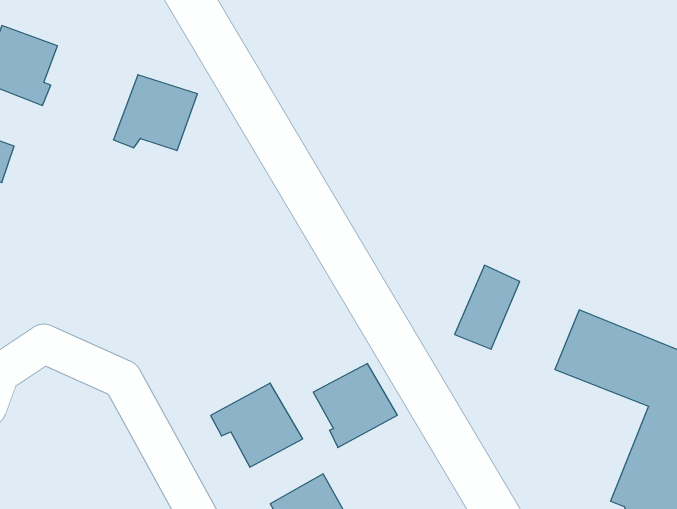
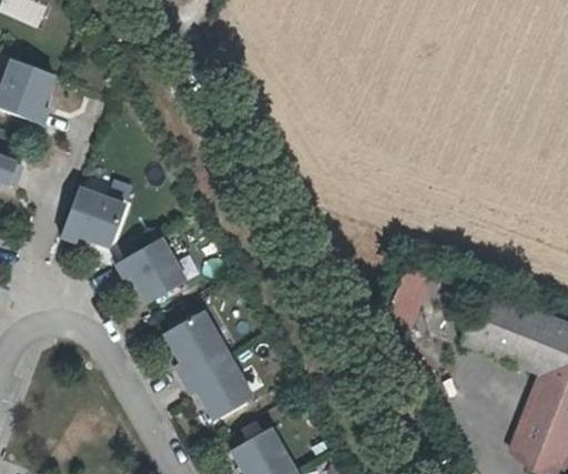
building: [113,75,197,151] -> [60,186,129,249]
building: none -> [118,238,187,304]
building: [313,364,397,448] -> [162,310,231,379]

